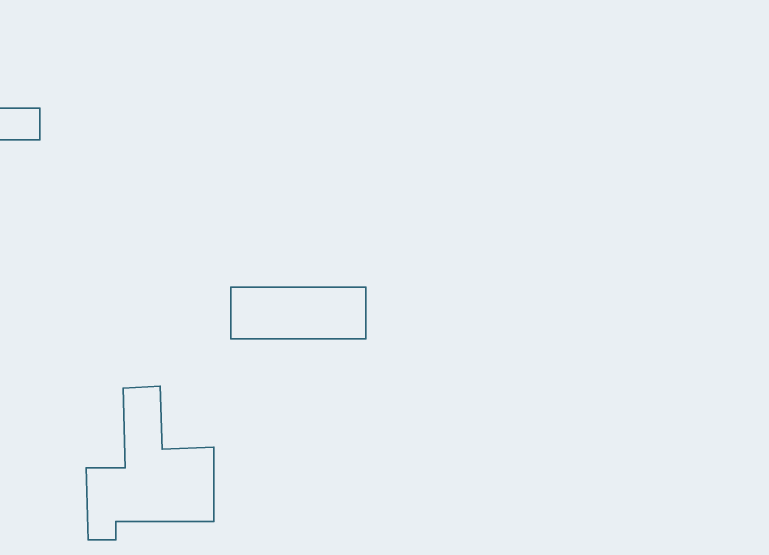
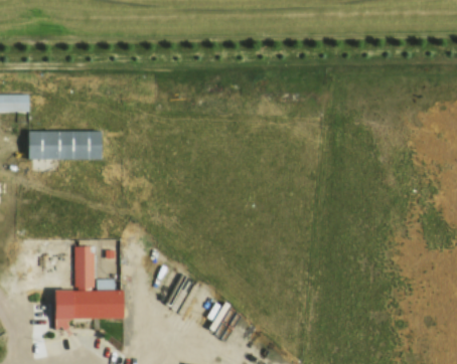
building: [231,287,366,339] -> [28,132,102,160]

